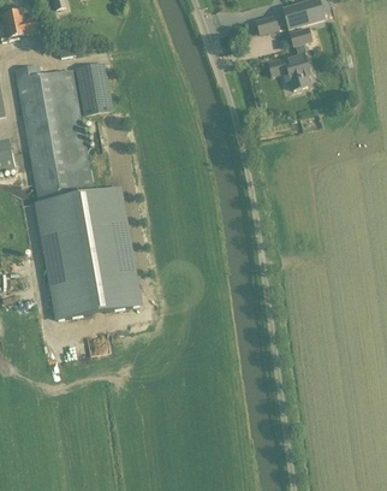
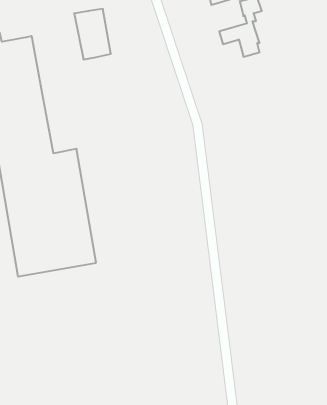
building: [73,61,112,114] -> [74,9,111,59]

